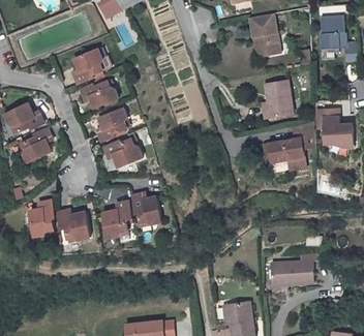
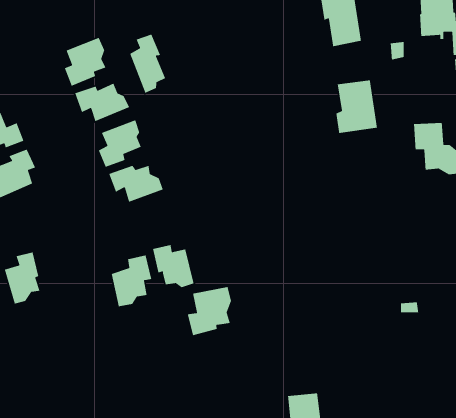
building: none -> [129,33,166,94]
building: [268,120,313,170] -> none
building: [57,209,91,239] -> none
building: none -> [187,286,232,336]
building: [272,254,323,285] -> none

